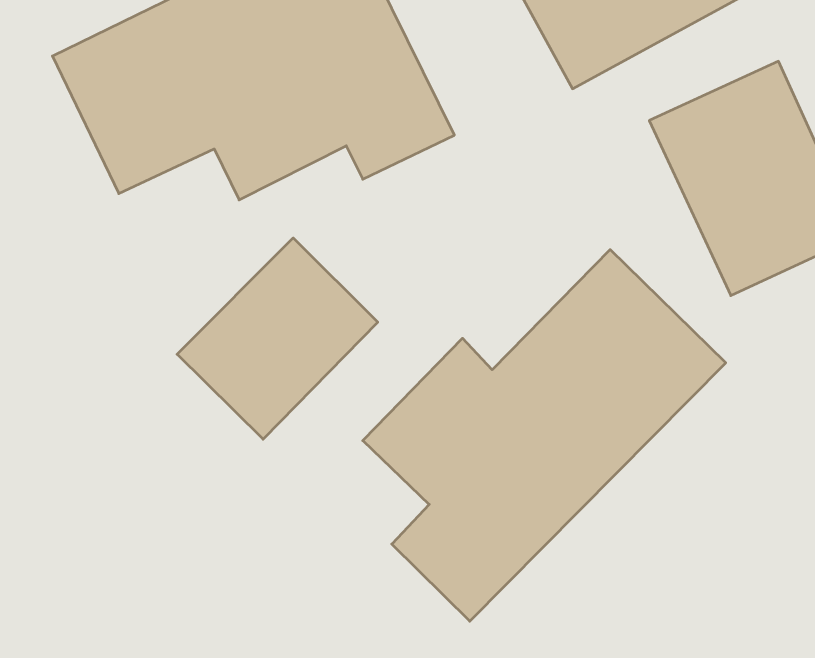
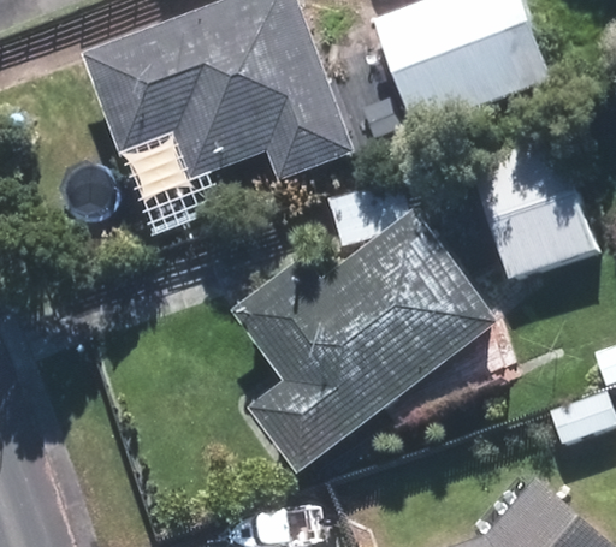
building: [177,238,378,439] -> none

